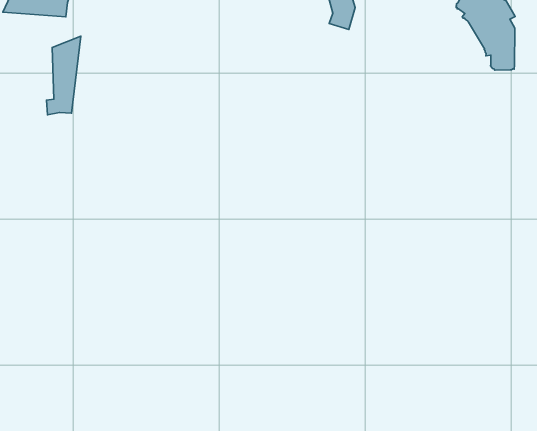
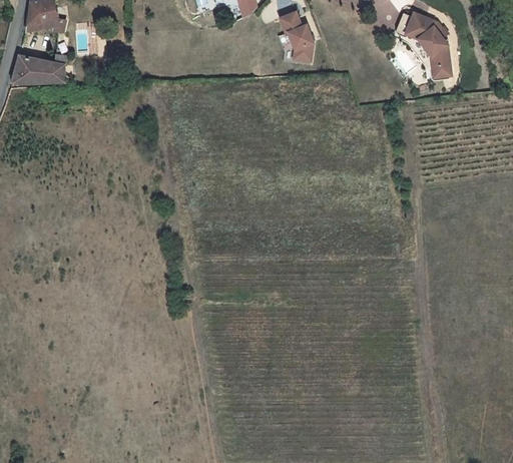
building: [47,36,81,115] -> none

